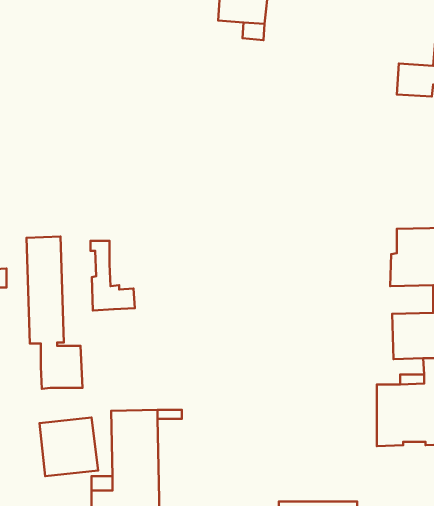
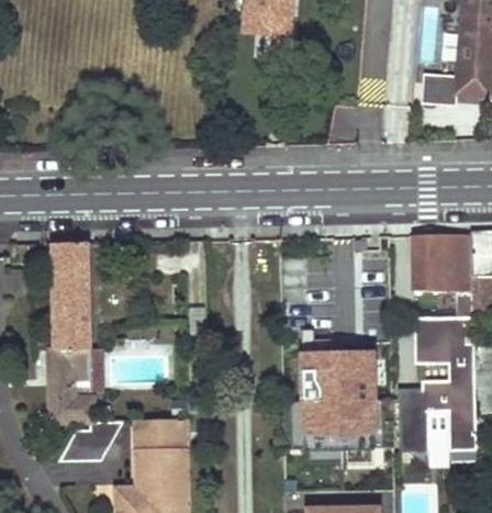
building: [91,241,135,310] -> [47,349,91,419]
building: none -> [295,353,376,442]

